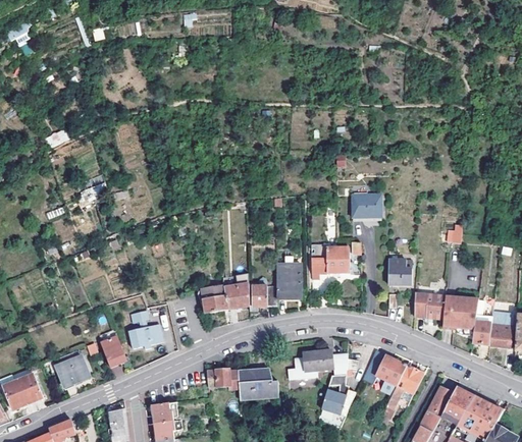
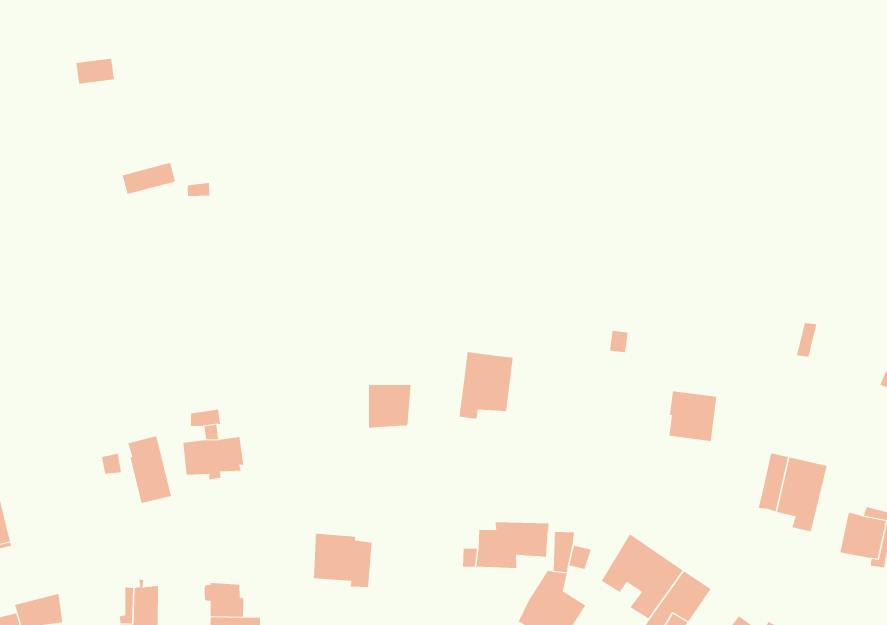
building: [353,192,381,215] -> none
building: [311,242,349,277] -> none
building: [248,284,276,307] -> none
building: [199,286,227,313] -> none
building: [415,291,446,318] -> none
building: [472,298,492,344] -> none
building: [56,351,90,387] -> none
building: [238,369,277,405] -> none

